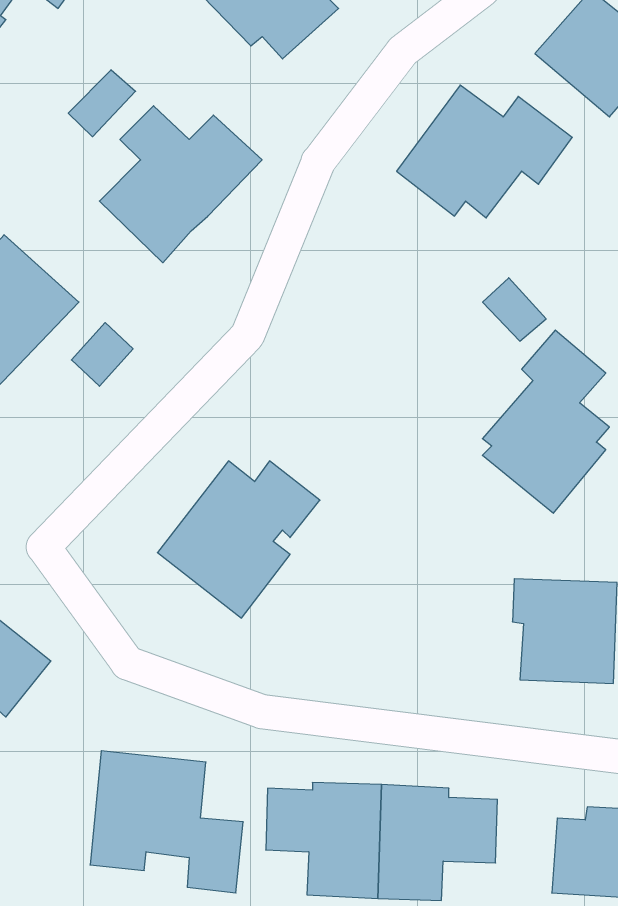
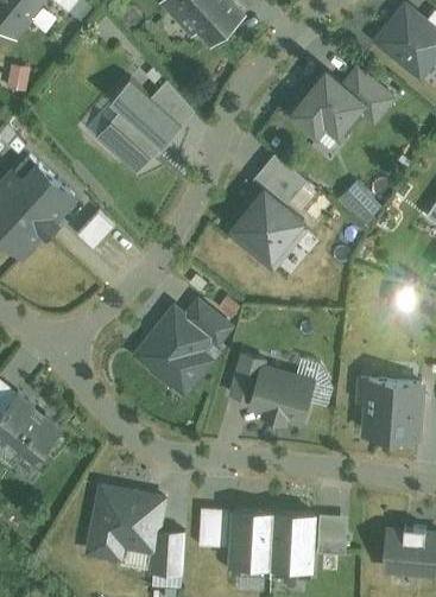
building: [68,70,136,137] -> none
building: [482,330,609,513] -> [229,155,310,272]
building: none -> [229,353,316,425]

